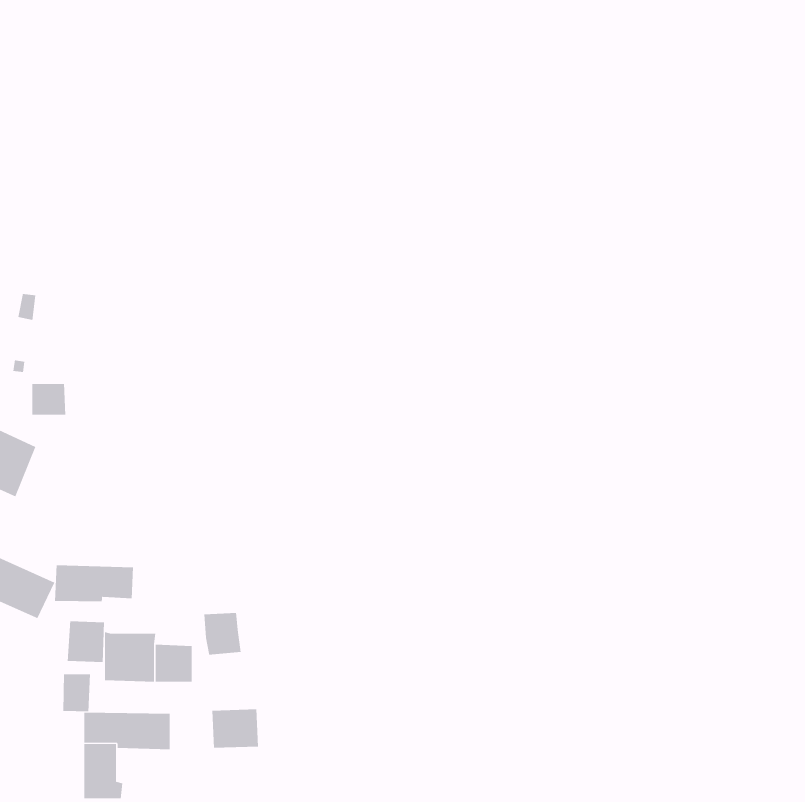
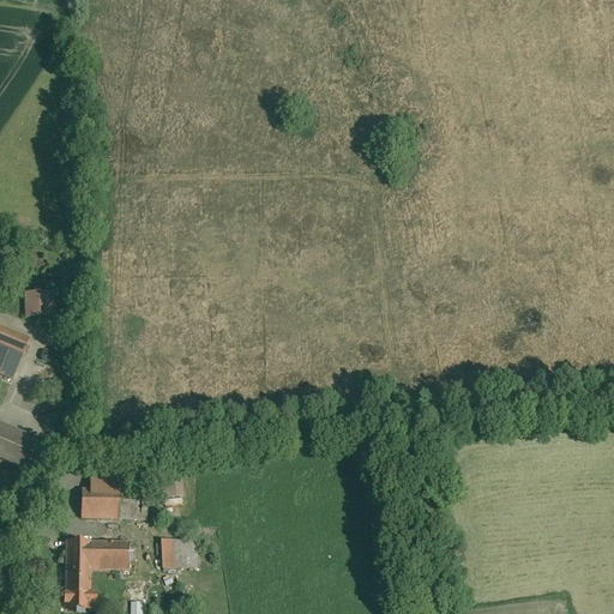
building: [54,565,134,602] -> none
building: [67,621,104,663] -> none
building: [63,673,91,712] -> none

